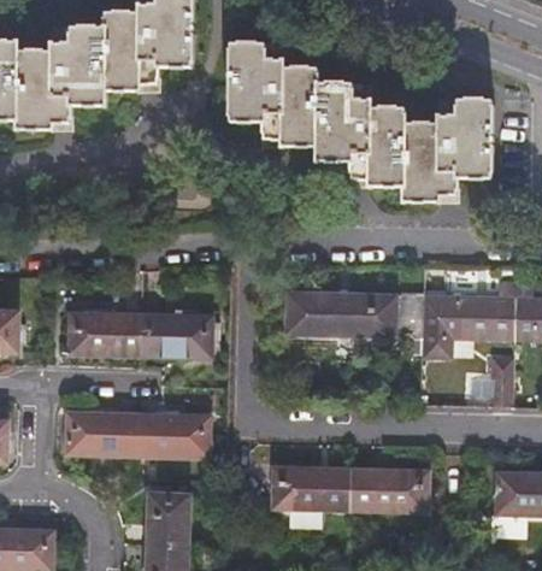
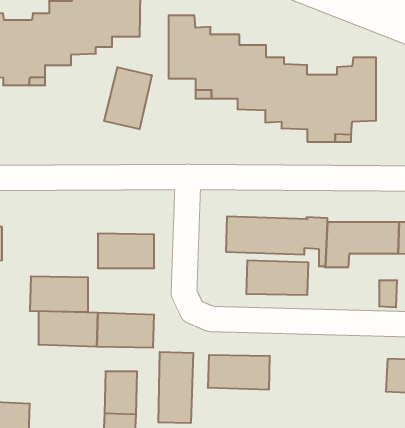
building: none -> [104,67,152,129]
building: [64,313,137,358] -> [30,276,88,312]
building: none -> [158,352,193,423]
building: [353,469,431,512] -> [246,260,308,295]

